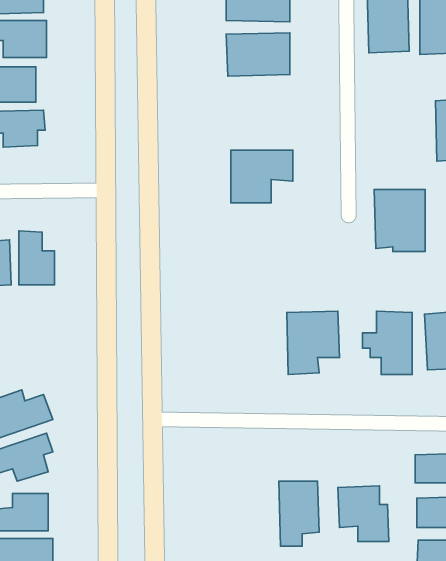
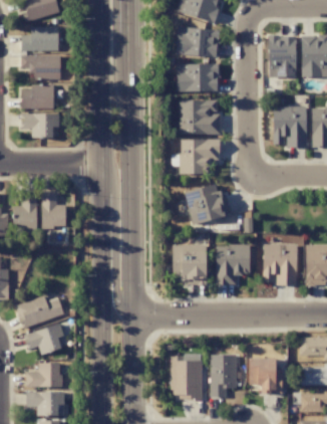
building: none -> [180,100,219,135]
building: [374,190,425,251] -> [273,107,306,147]
building: none -> [185,185,232,224]
building: none -> [173,244,207,285]
building: none -> [171,355,202,399]

